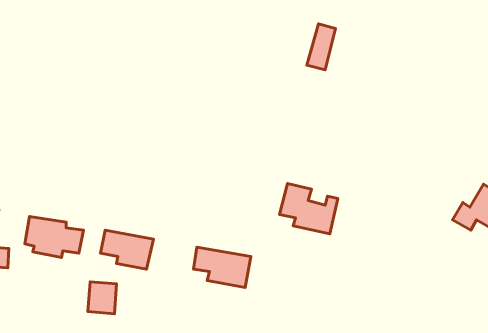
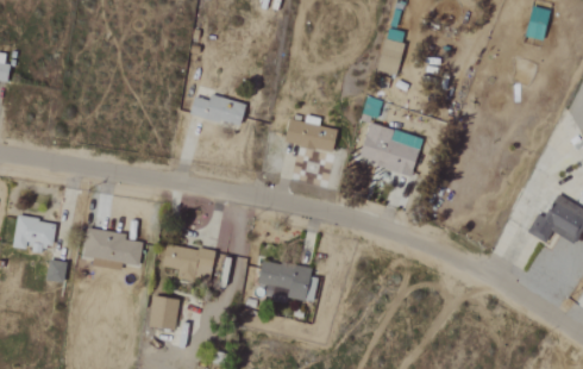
building: none -> [192,94,247,126]
building: none -> [286,119,338,150]
building: [279,183,338,234] -> [361,123,421,175]

